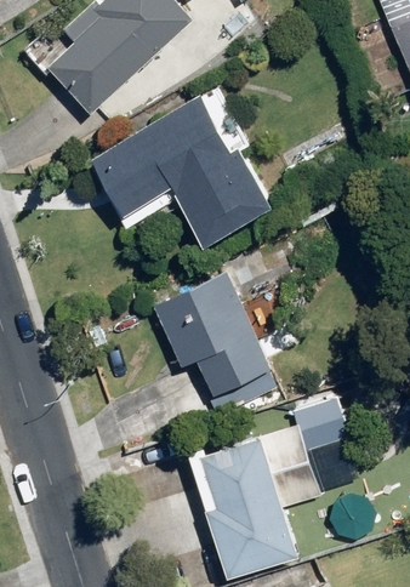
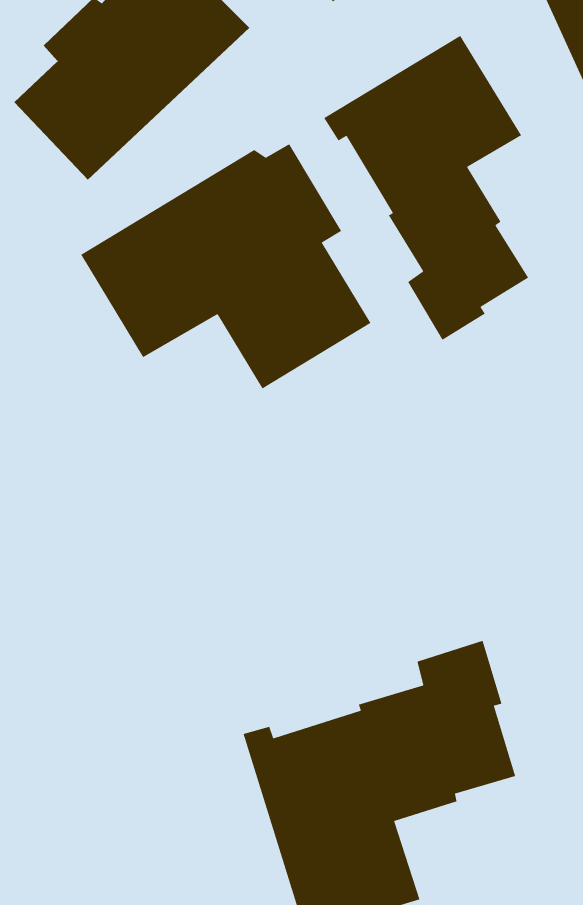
building: none -> [323,35,529,341]
building: [153,272,271,394] -> none

